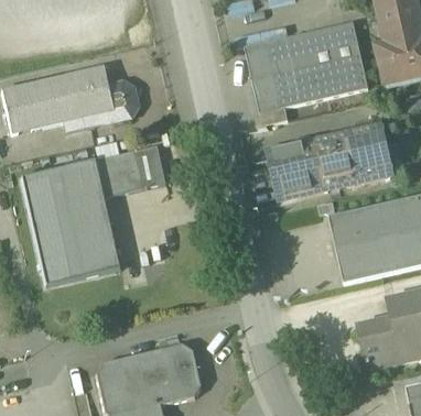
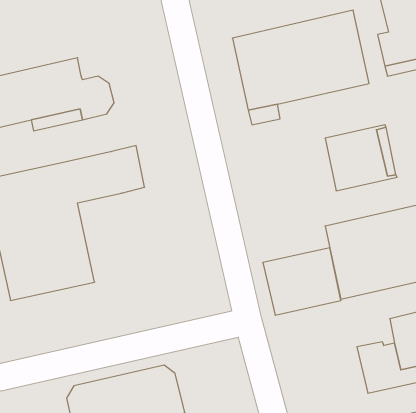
building: [269,138,339,198] -> [263,248,341,315]

